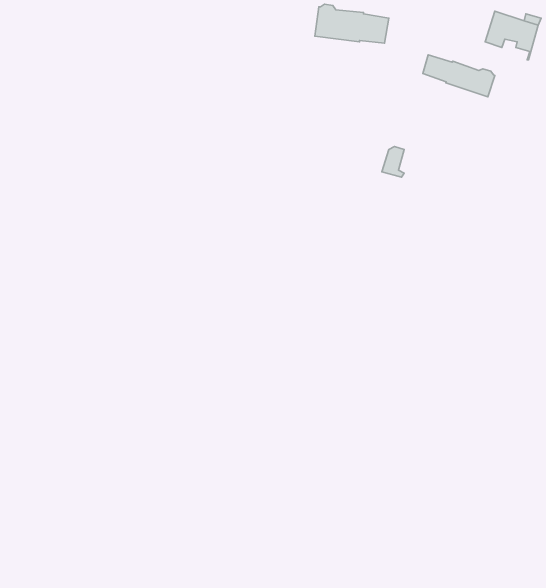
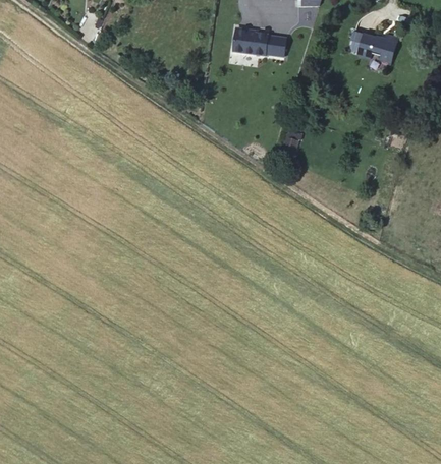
building: [423,55,495,97] -> none

